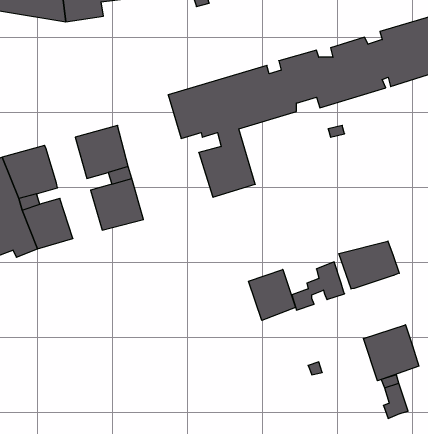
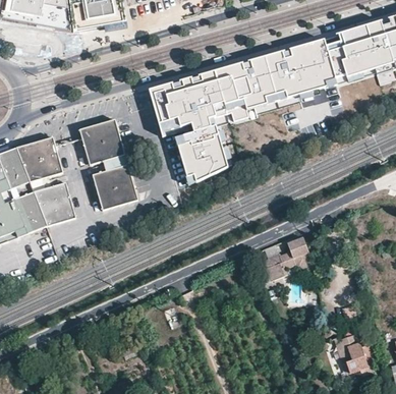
building: [339,241,399,289] -> none
building: [248,269,296,320] -> none
building: [363,325,419,381] -> none

